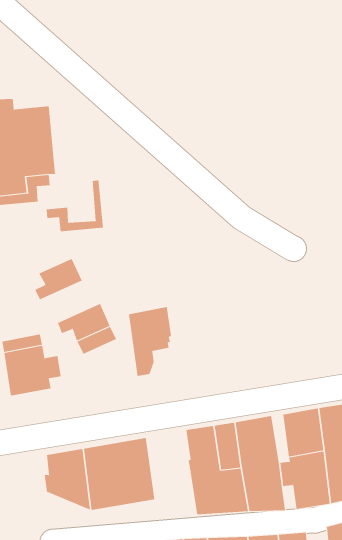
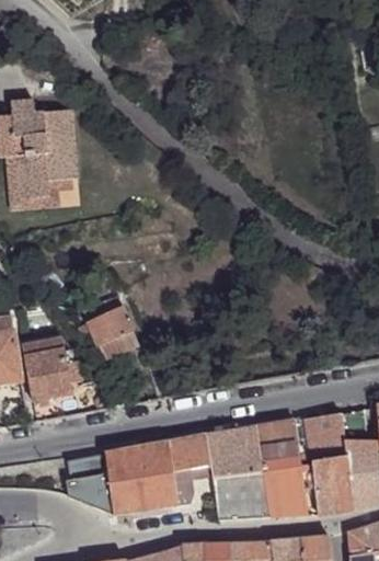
building: [46,179,104,232] -> none
building: [34,258,83,300] -> none
building: [128,307,172,376] -> [169,434,213,504]

